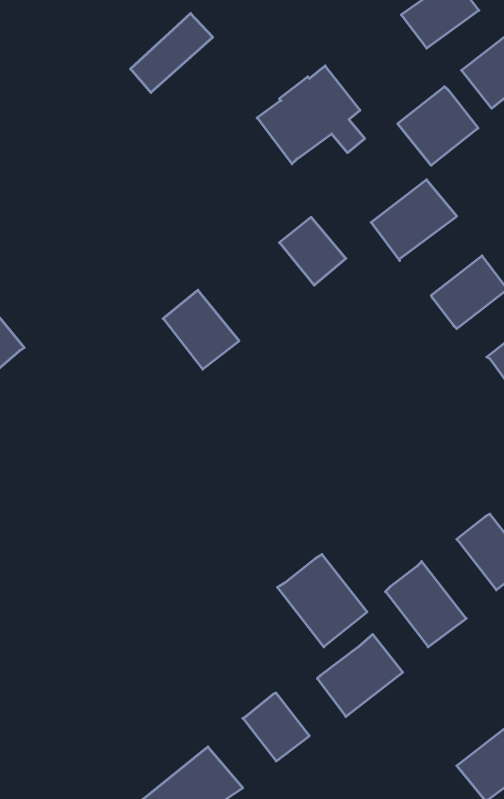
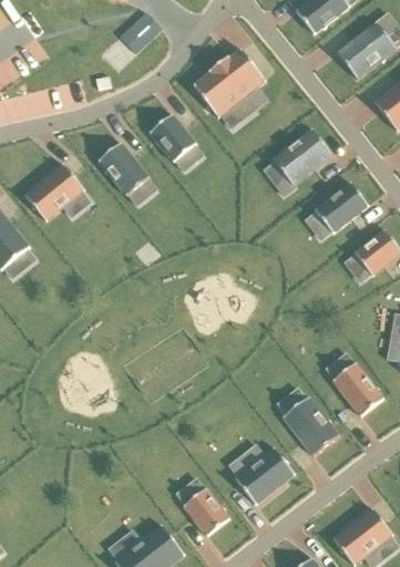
building: [398,87,478,165] -> none
building: [279,217,346,285] -> [148,113,195,161]
building: none -> [23,163,83,220]
building: [163,290,239,369] -> [98,140,151,195]
building: [277,554,367,647] -> none

